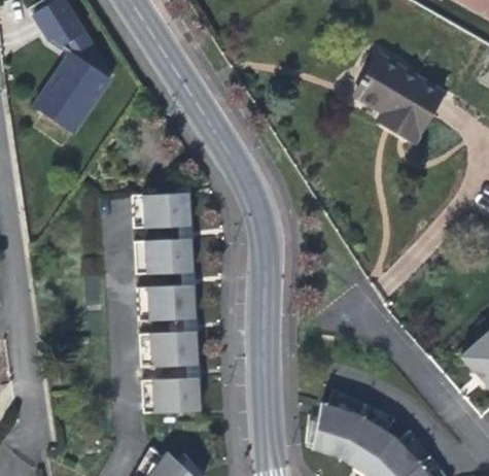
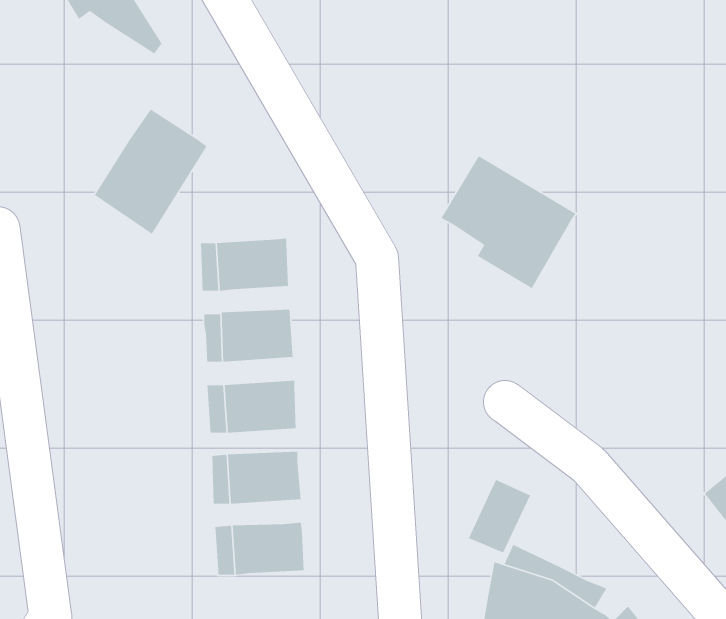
building: [34,52,108,134] -> [94,108,207,235]
building: [354,57,443,144] -> [441,155,576,289]
building: none -> [468,479,531,554]

